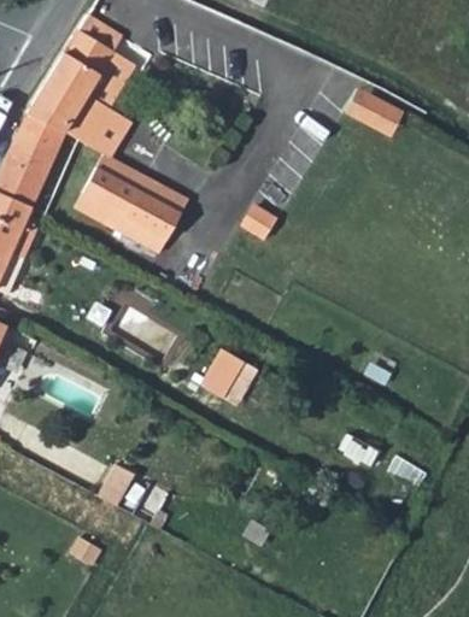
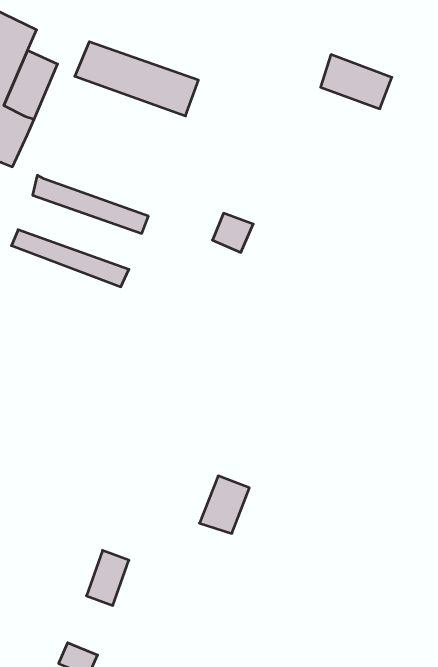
building: [86,107,133,157] -> none
building: [83,169,183,240] -> [75,42,198,116]
building: [200,351,245,399] -> [199,476,249,533]

